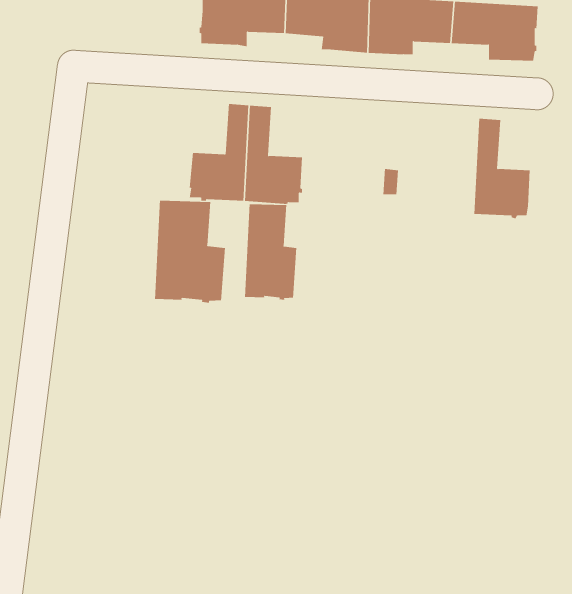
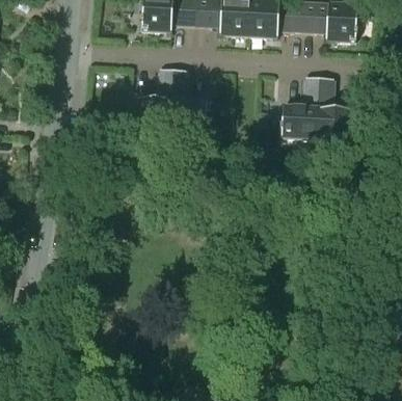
building: none -> [280,76,320,138]
building: [154,200,225,303] -> none
building: [244,203,297,301] -> none

